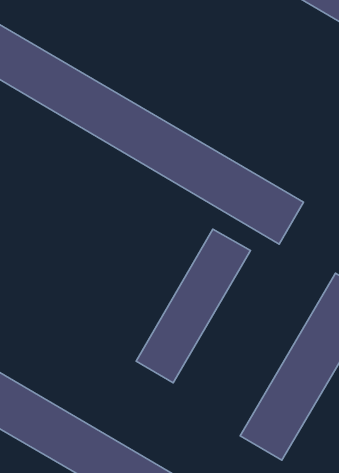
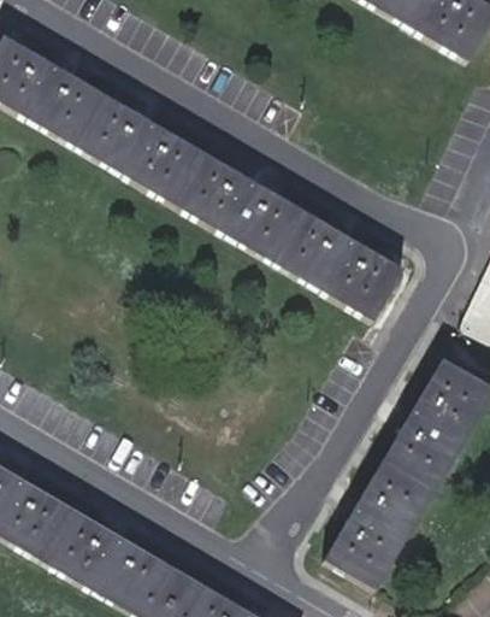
building: [136,229,250,383] -> none

